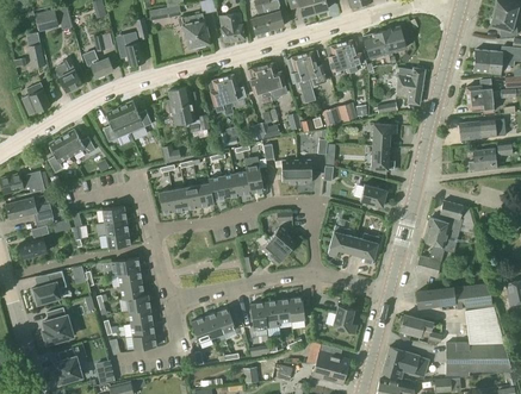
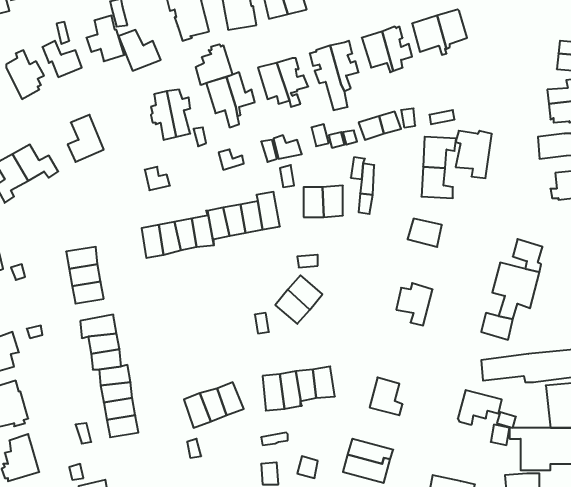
building: none -> [196,44,232,85]
building: [396,68,423,104] -> [456,131,492,178]
building: [119,101,151,132] -> [118,30,161,71]
building: [328,226,355,256] -> none
building: [382,346,427,377] -> none

